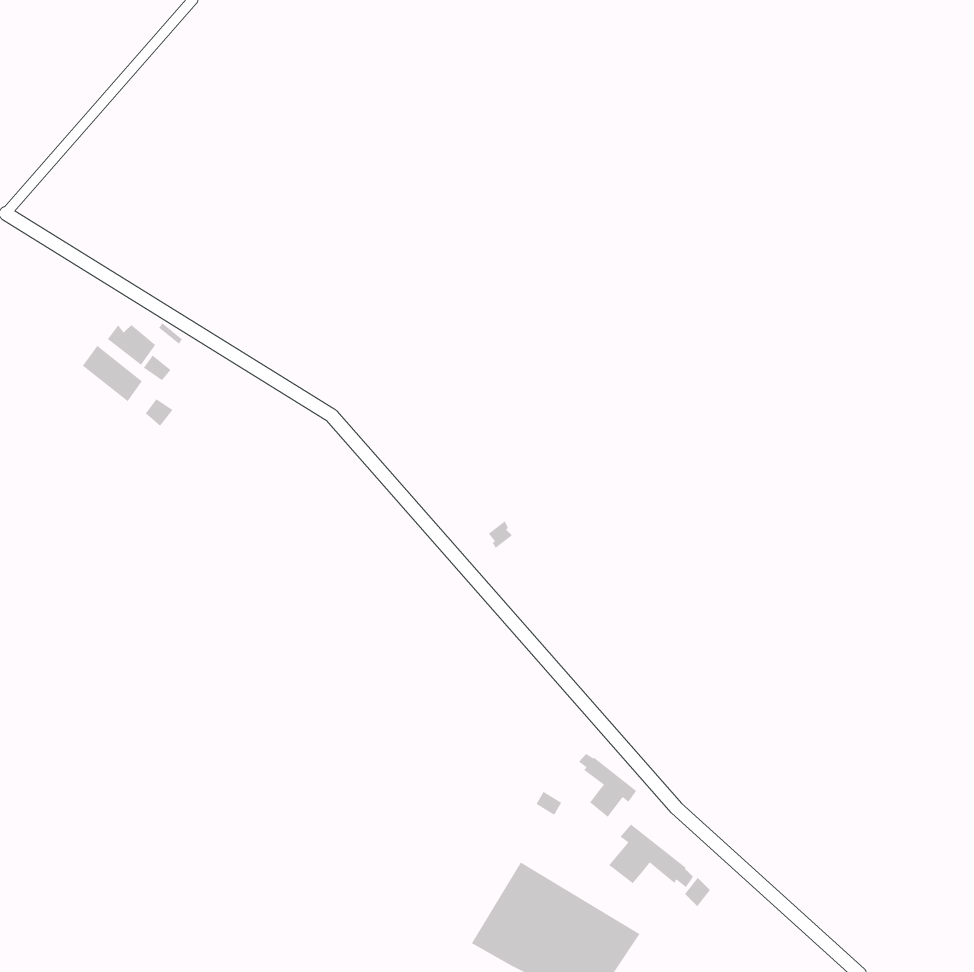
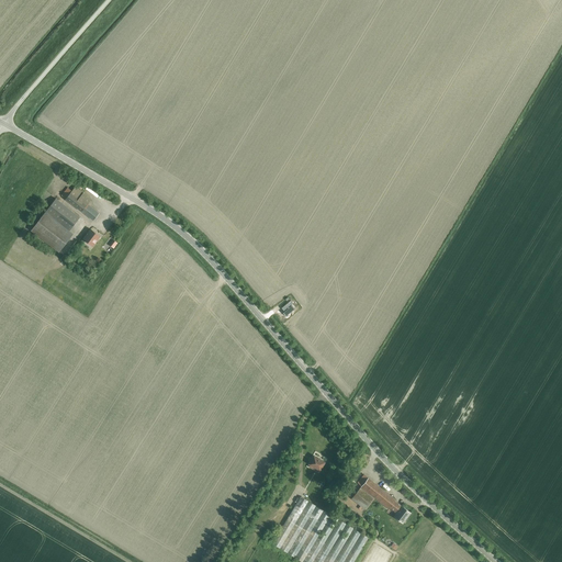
building: none -> [31,213,74,254]
building: [578,753,637,818] -> none

